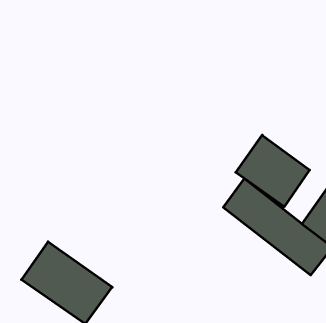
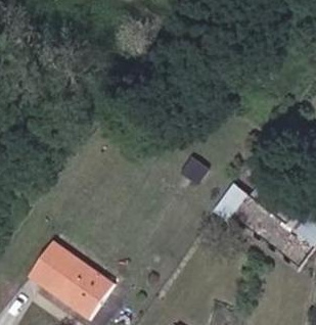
building: [236,135,310,207] -> none

